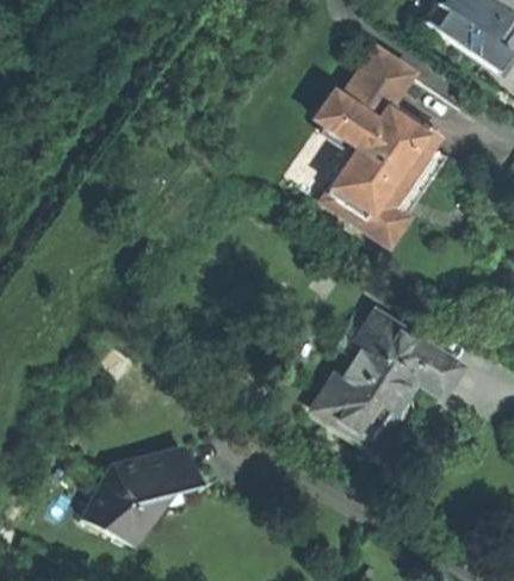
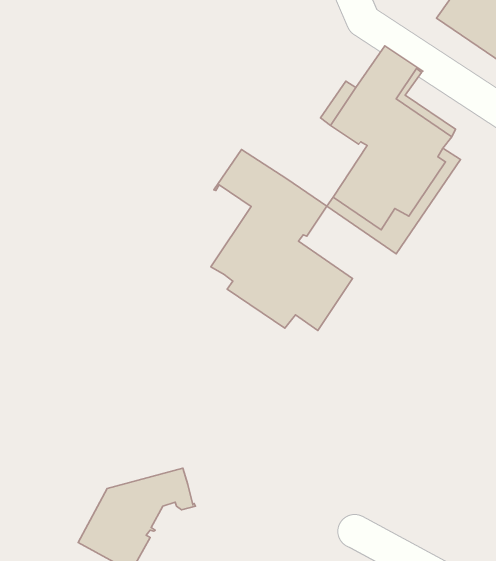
building: none -> [211,149,353,331]
building: [314,311,457,443] -> none

